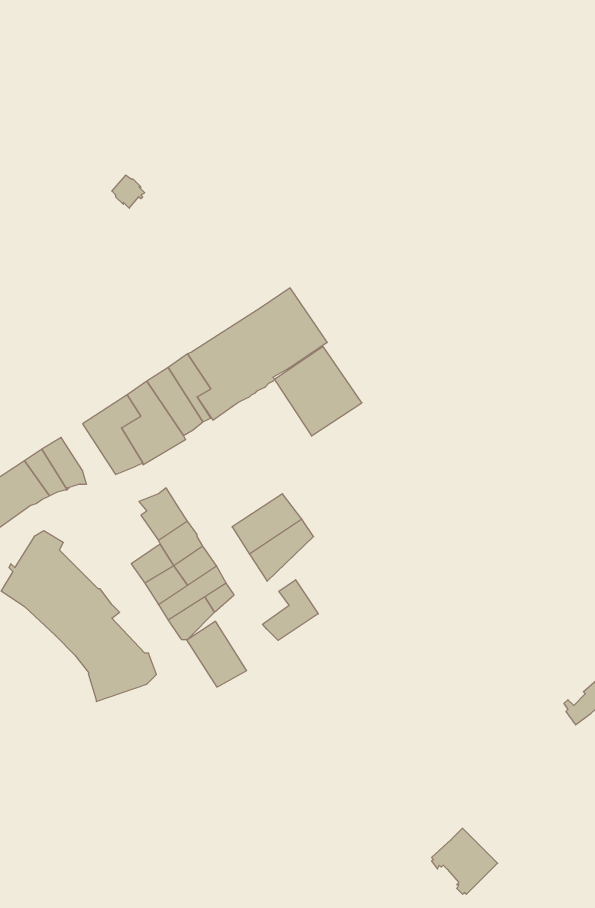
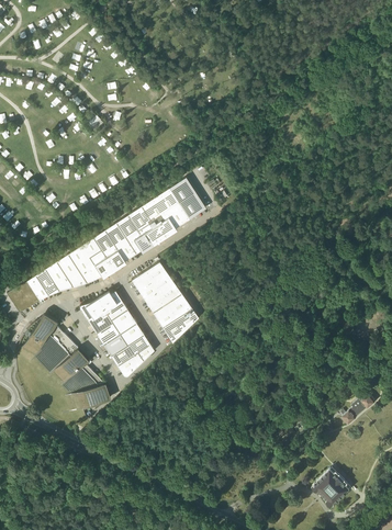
building: [275,346,362,436] -> [132,262,181,313]
building: none -> [56,255,87,289]
building: none -> [79,298,112,334]
building: [263,580,318,640] -> none
building: [187,621,247,687] -> none
building: [432,828,498,894] -> [312,470,349,507]

